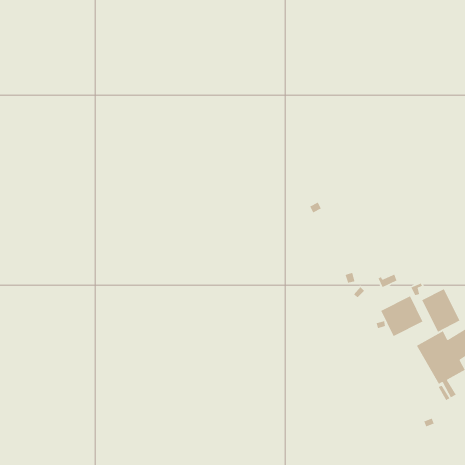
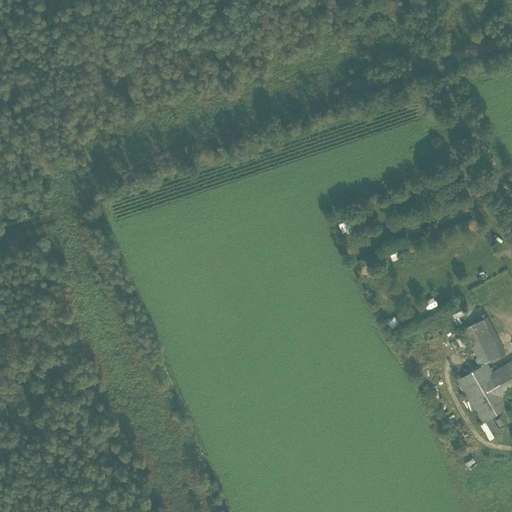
building: [380,295,423,337] -> none

